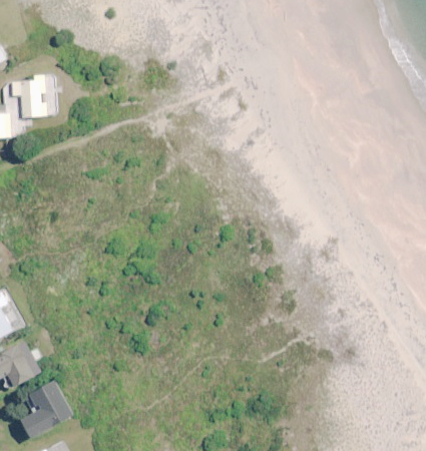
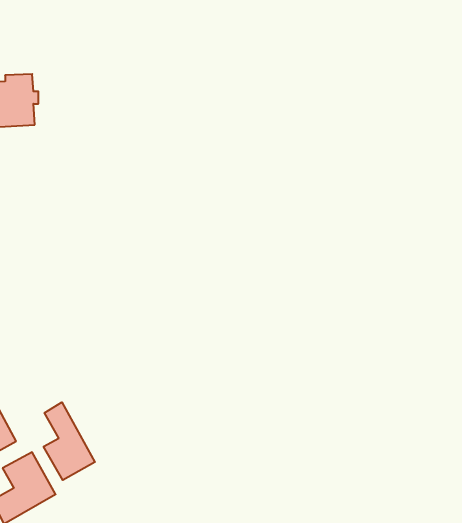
building: none -> [44,402,95,480]

